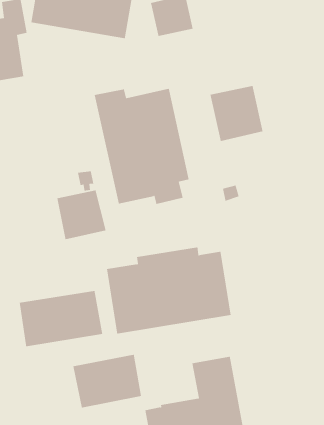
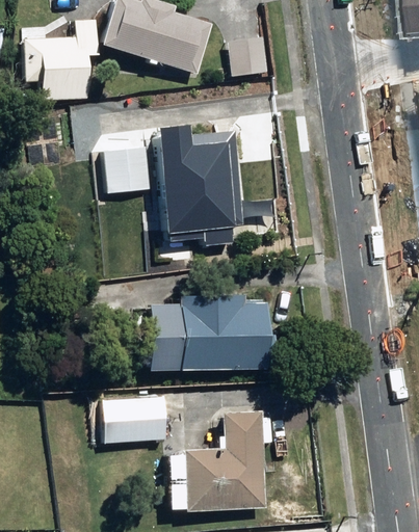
building: [210,85,263,142] -> none
building: [56,190,106,240] -> [103,147,150,193]
building: [19,290,103,347] -> none

